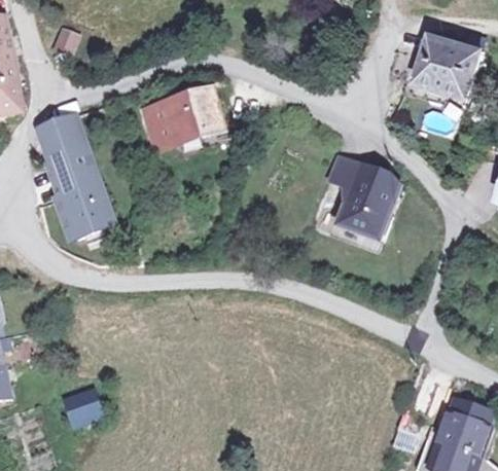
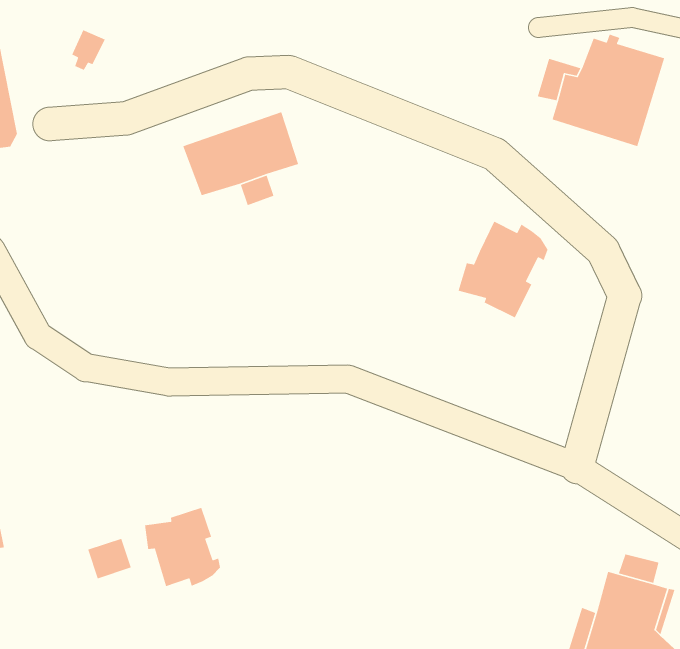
building: [39,113,116,248] -> none
building: [326,150,380,185] -> none
building: none -> [144,507,221,587]

